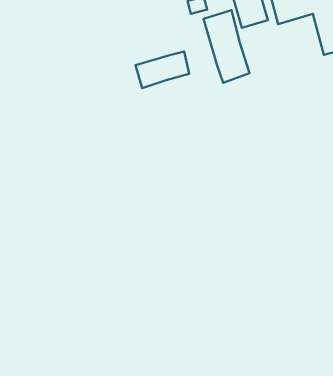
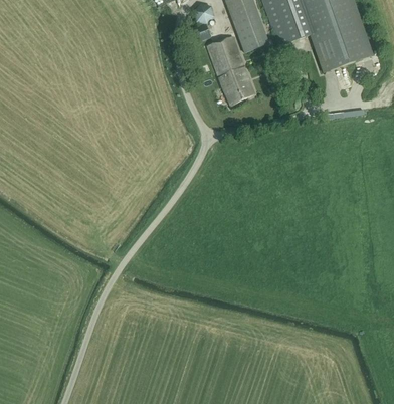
building: [136,52,189,88] -> none

